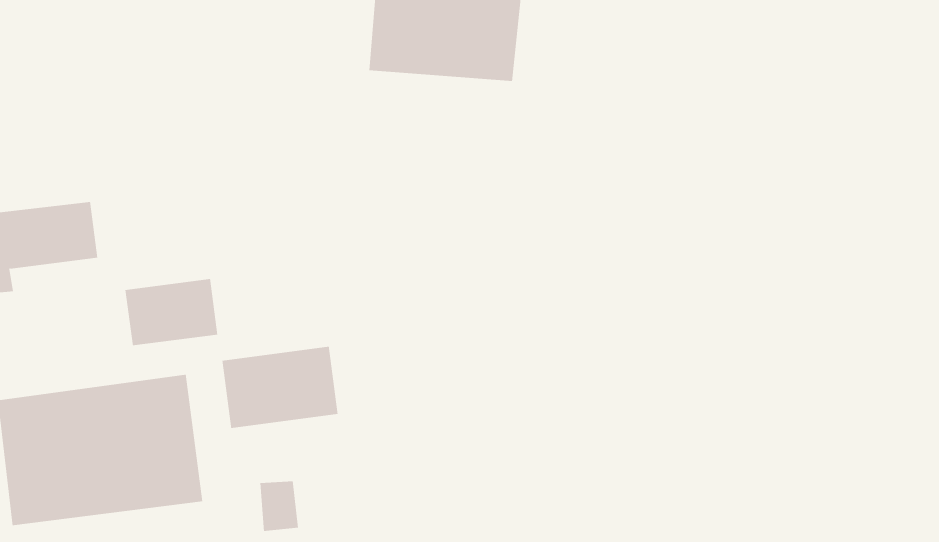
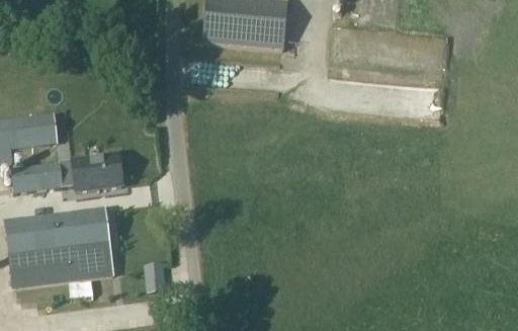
building: none -> [10,161,63,192]
building: [222,346,338,429] -> none

